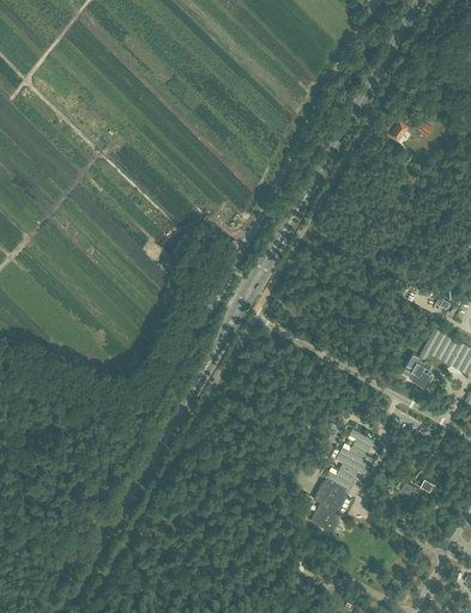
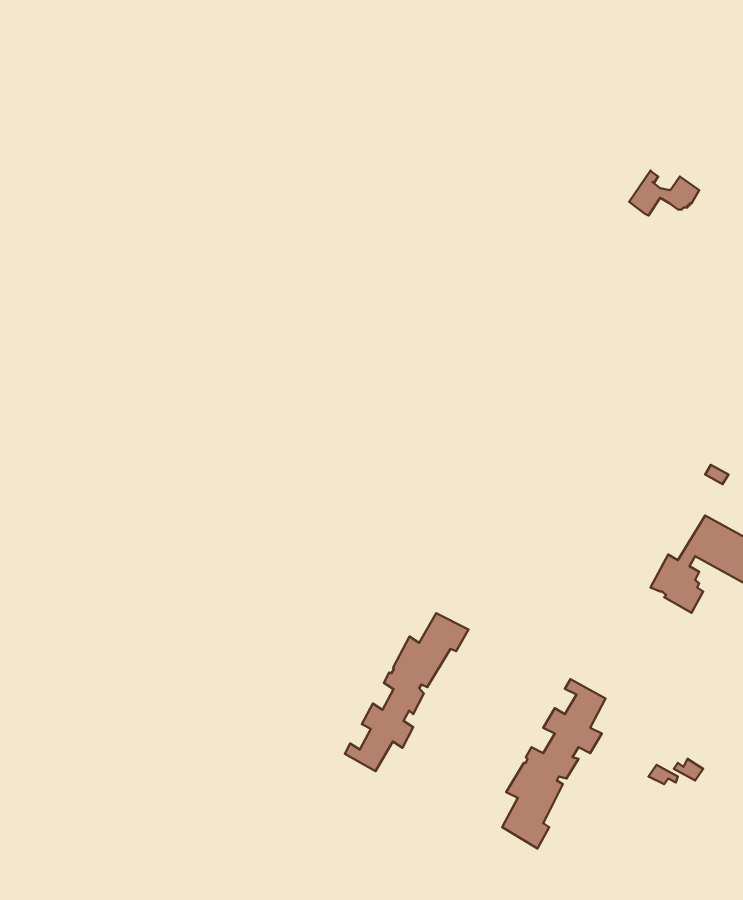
building: none -> [345,613,469,771]

